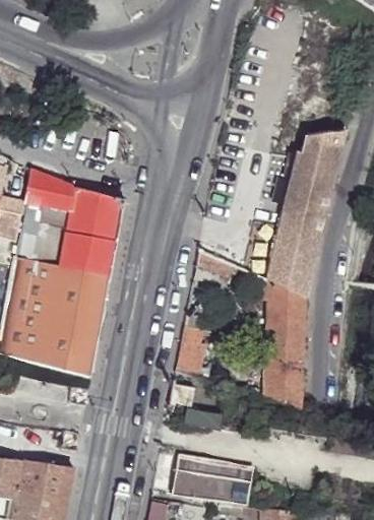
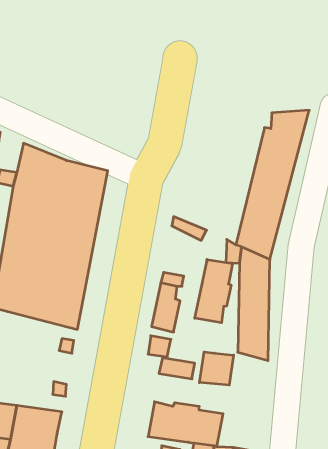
building: none -> [195,259,233,323]
building: none -> [199,352,234,385]

